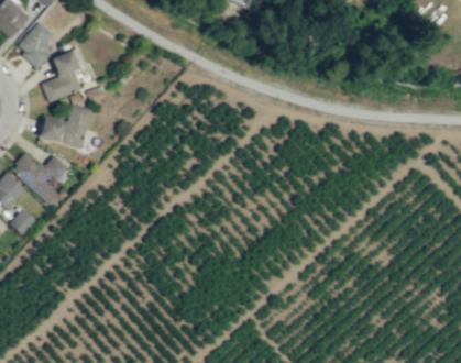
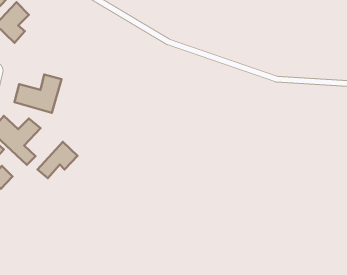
building: [41,47,87,102] -> none
building: none -> [38,142,78,178]

